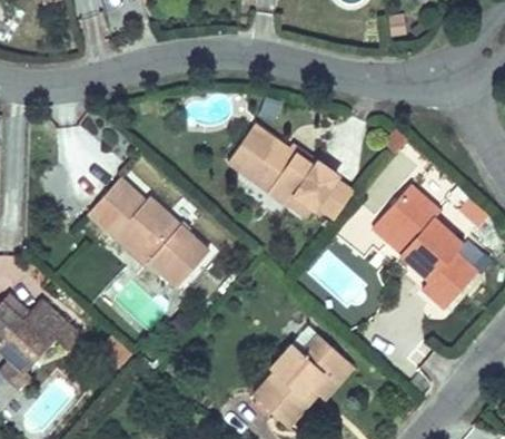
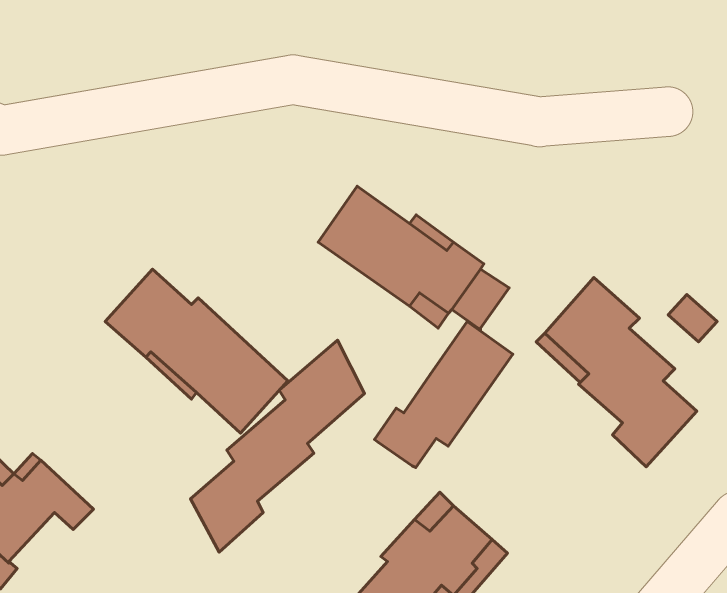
building: none -> [375,321,513,468]
building: none -> [191,340,364,552]

